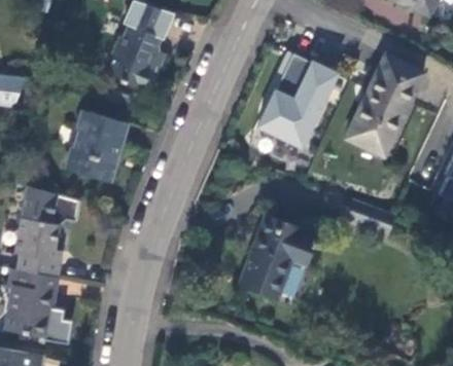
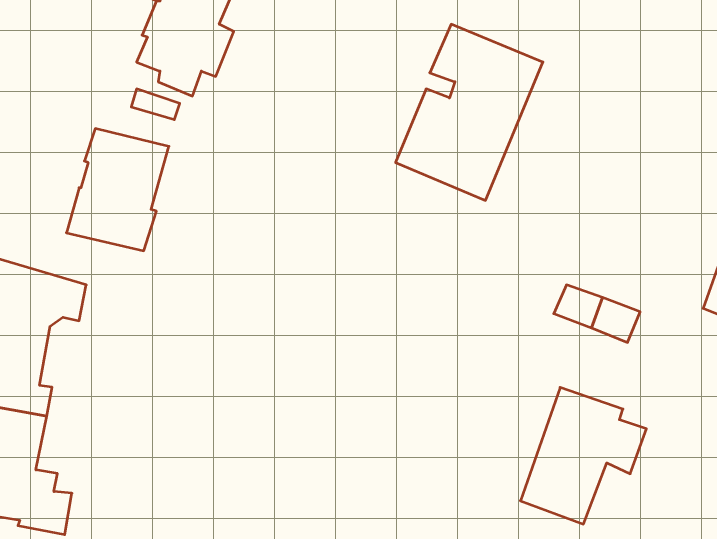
building: [348,54,425,156] -> none
building: [245,214,317,292] -> [520,387,646,524]

